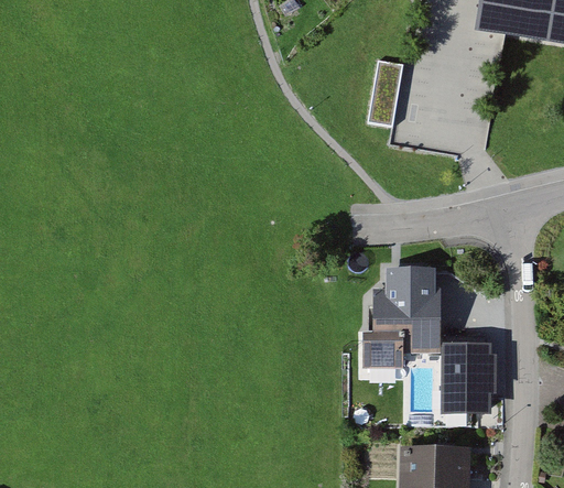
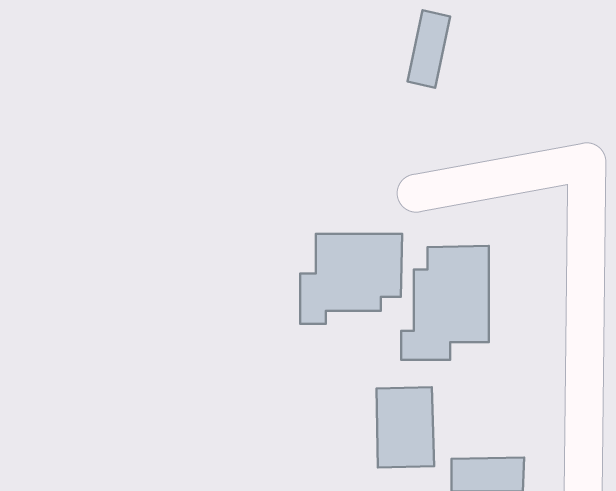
building: none -> [300,234,402,324]
building: [444,349,495,420] -> [377,387,434,467]

